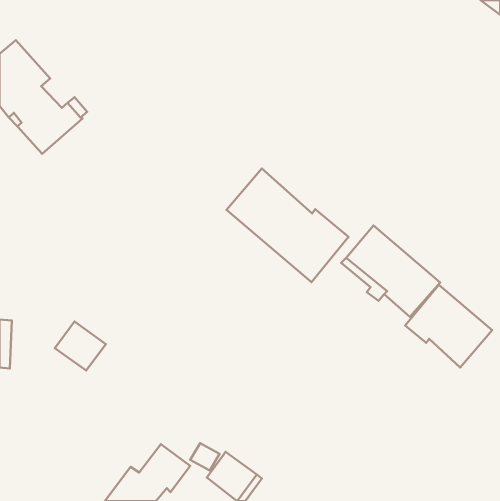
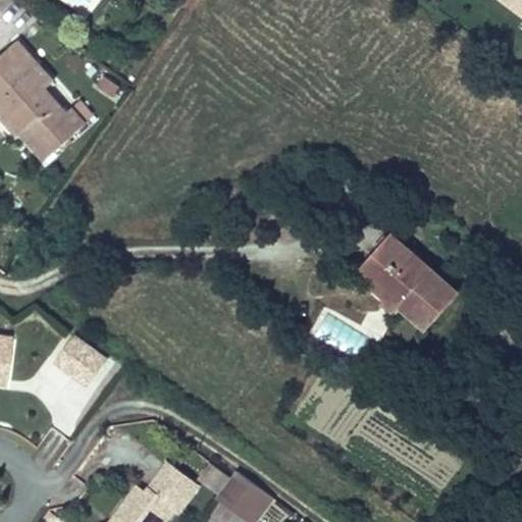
building: [227,169,349,282] -> none
building: [405,285,492,368] -> none

